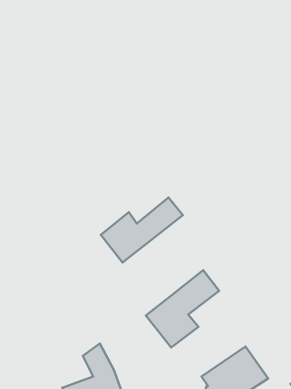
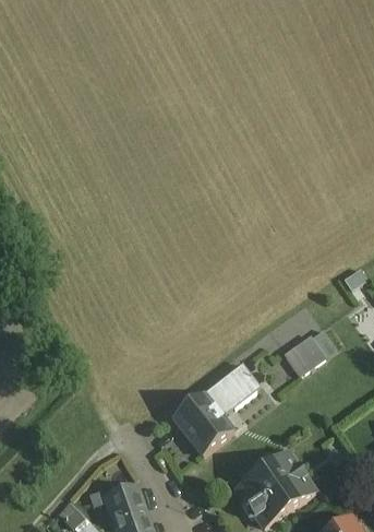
building: [101,198,183,263] -> none
building: none -> [285,334,325,374]

